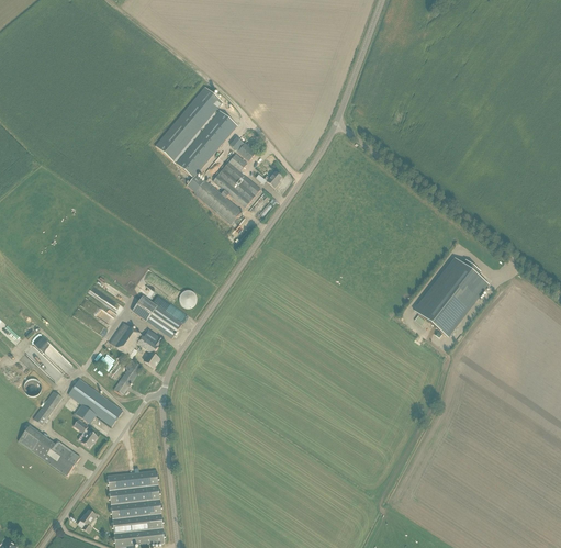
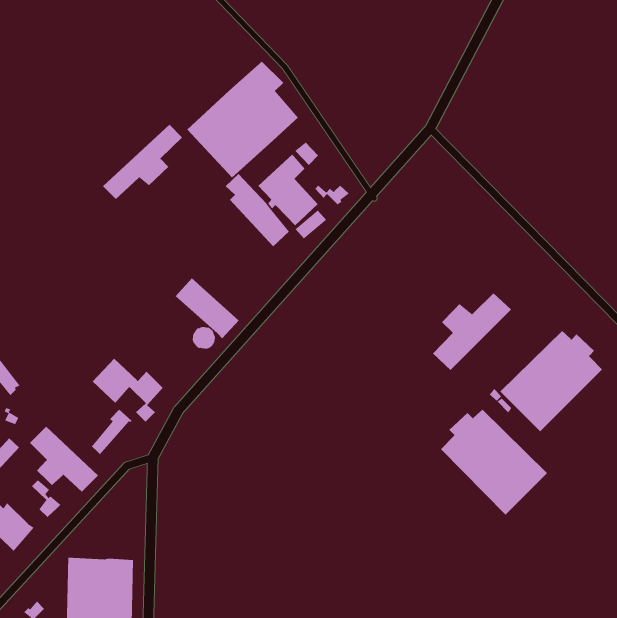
building: none -> [102,124,183,200]
building: none -> [432,292,512,371]
building: [132,294,182,337] -> [175,278,239,339]
building: none -> [440,409,548,515]

